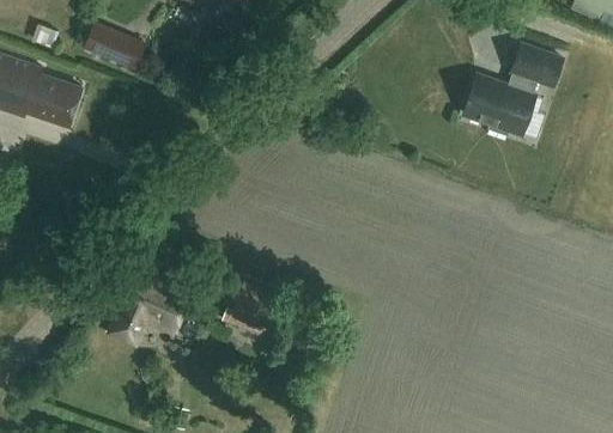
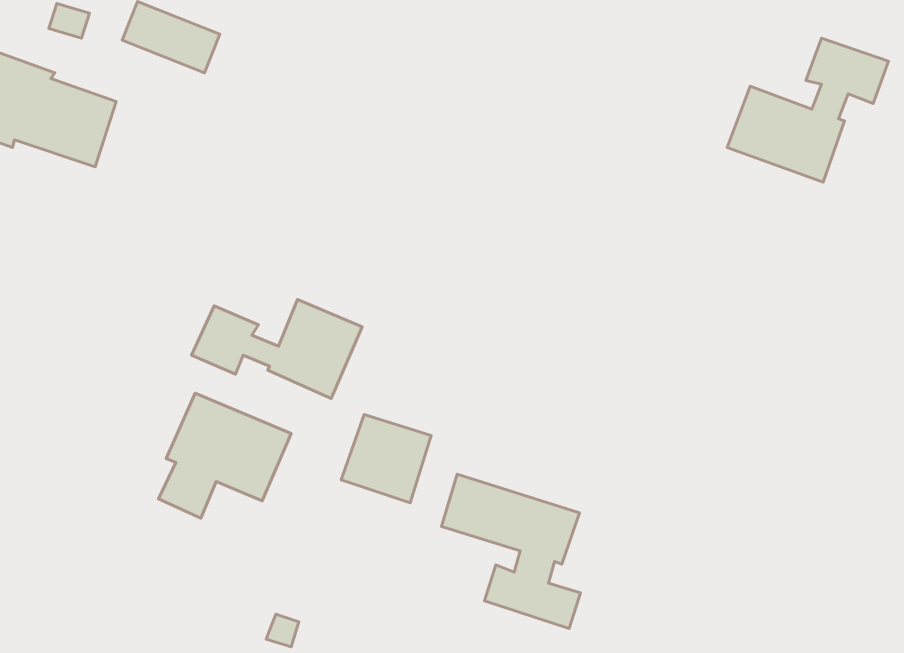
building: none -> [191,300,362,398]
building: none -> [441,474,581,629]

